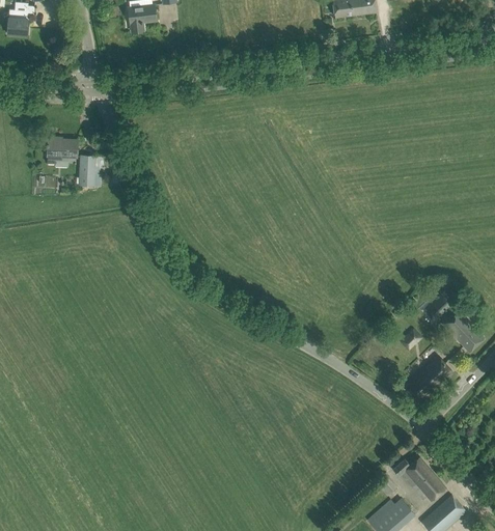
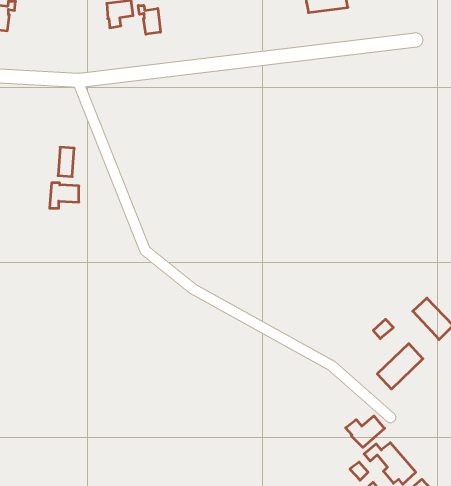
building: none -> [138,5,160,34]
building: [47,137,77,163] -> [50,183,79,208]
building: none -> [346,416,385,447]

